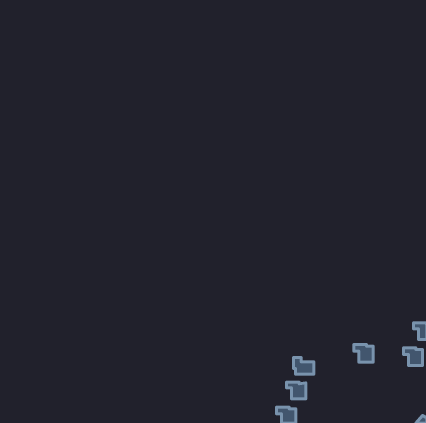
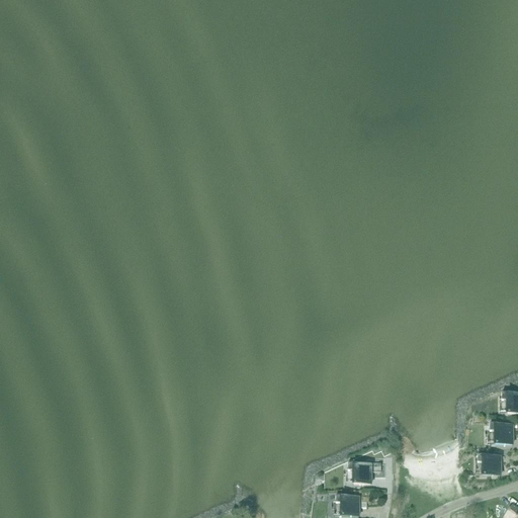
building: [354,344,373,362] -> [478,453,501,474]
building: [294,358,314,374] -> none

